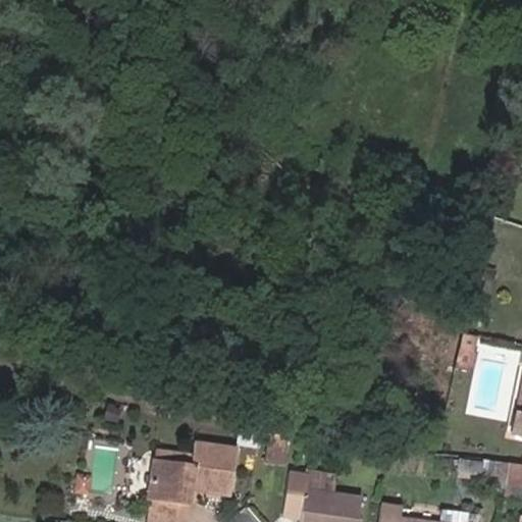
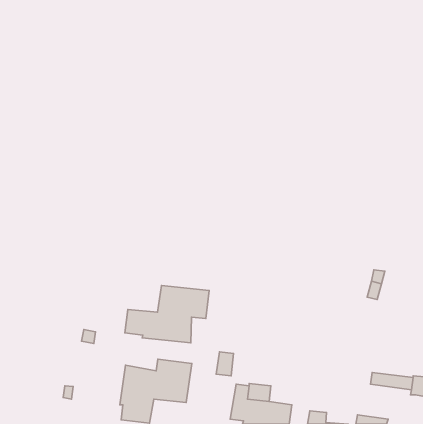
building: none -> [125,285,209,343]

